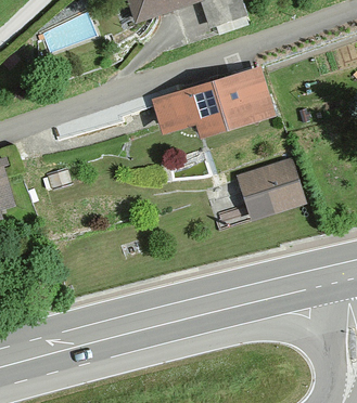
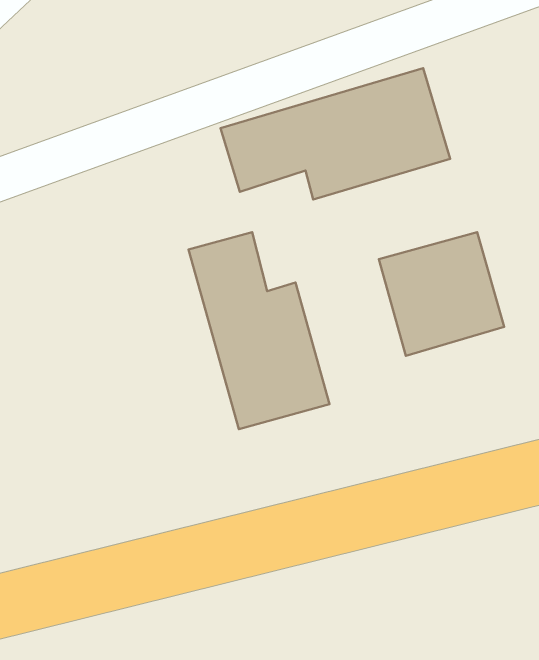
building: none -> [188,232,329,429]

